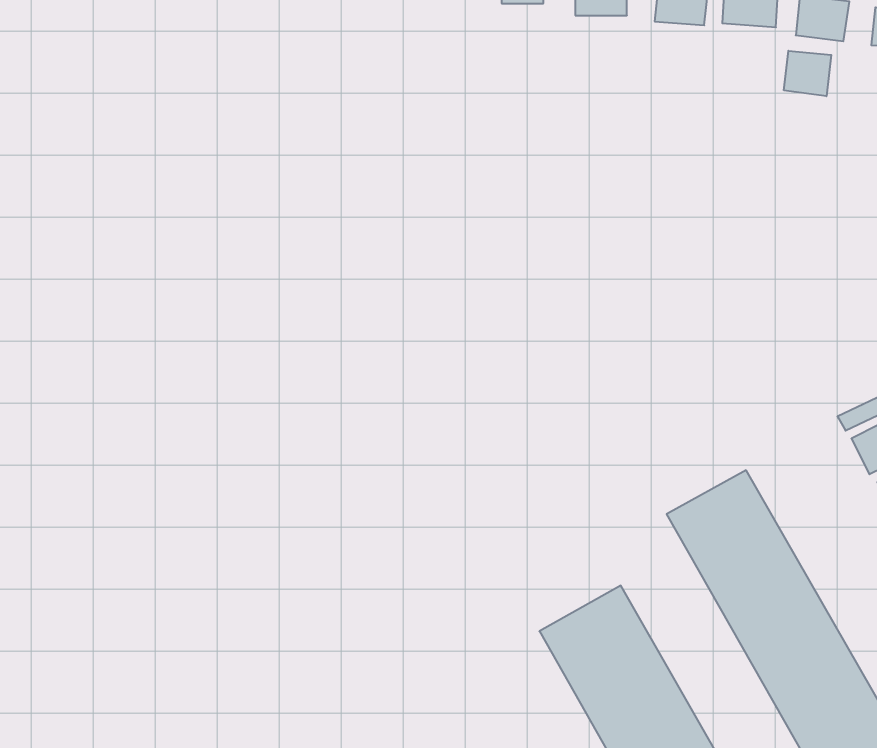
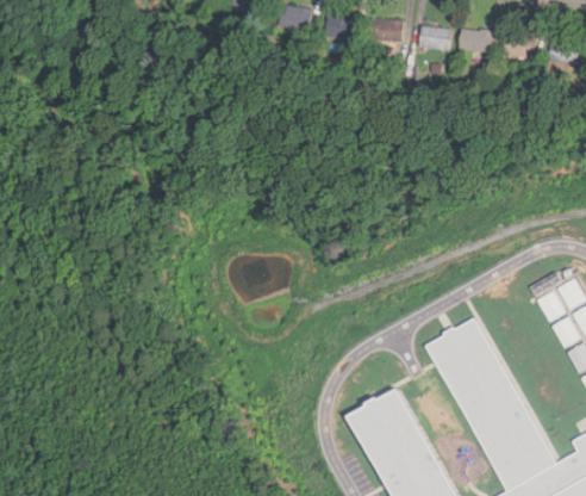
building: [784,51,831,96] -> none

